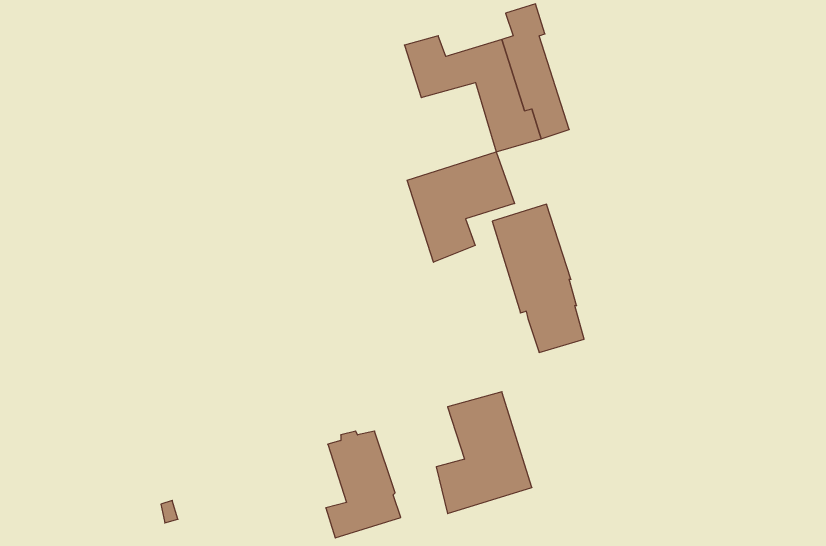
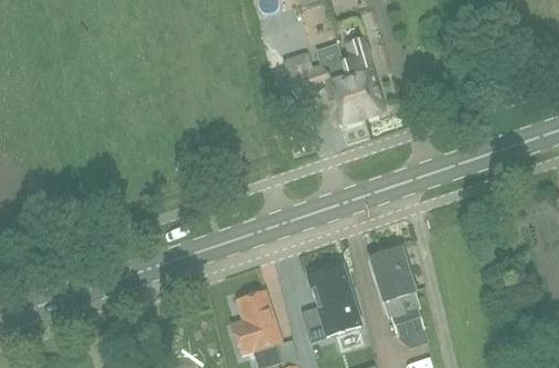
building: [407,152,515,262] -> none
building: [492,204,584,352] -> [370,247,425,335]

